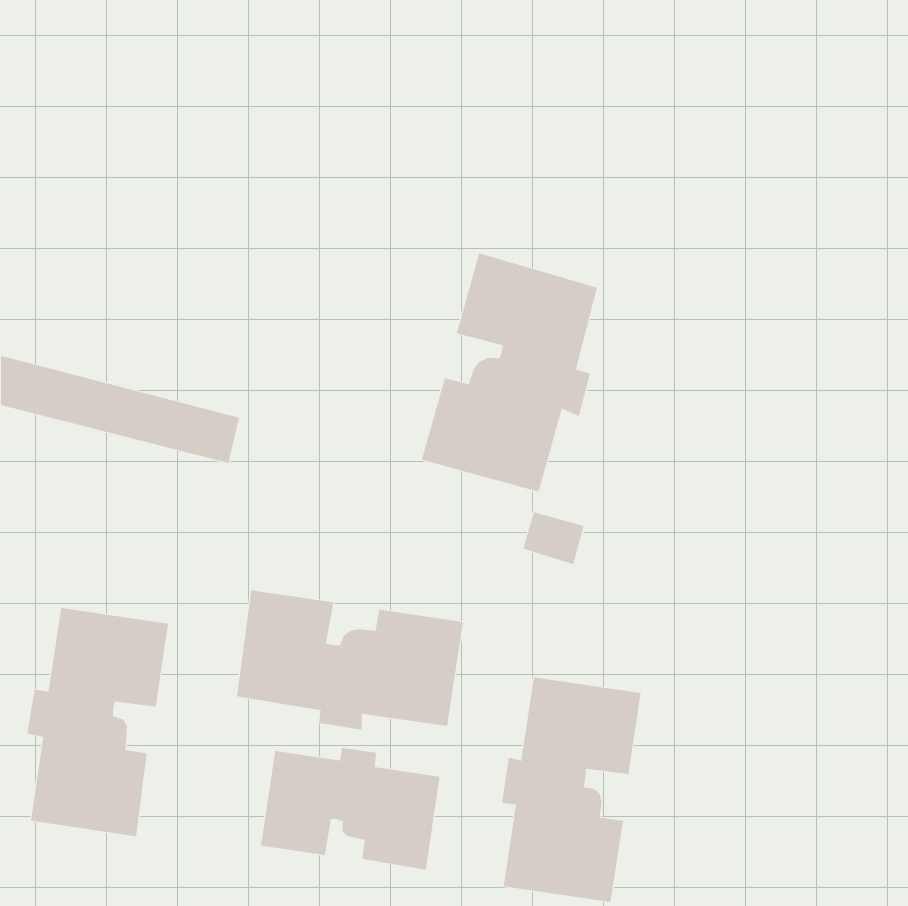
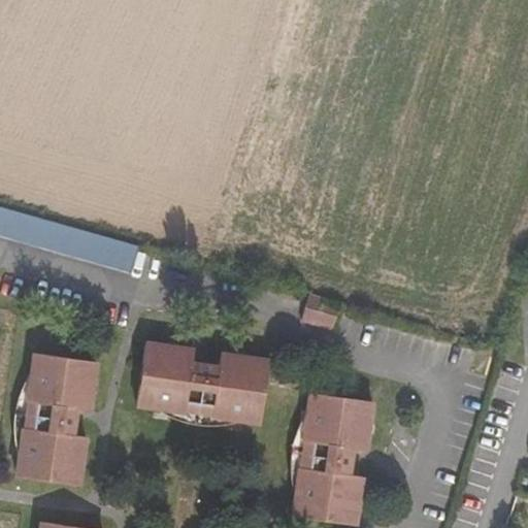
building: [421,253,597,492] -> none
building: [260,747,440,871] -> none

